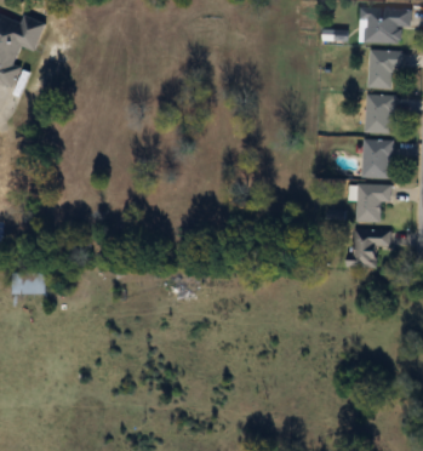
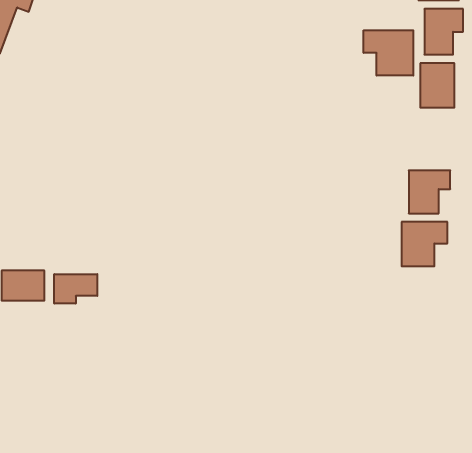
building: none -> [364,30,413,76]
building: [362,141,393,178] -> none
building: none -> [54,274,97,304]

